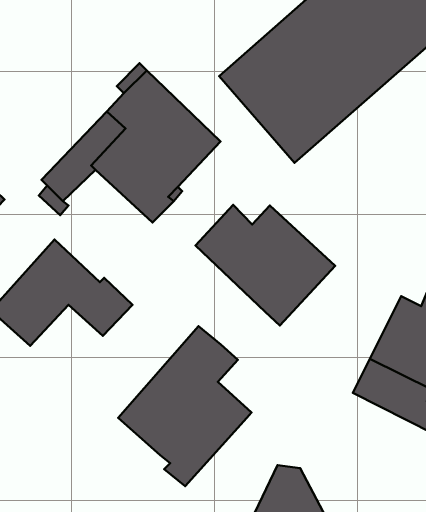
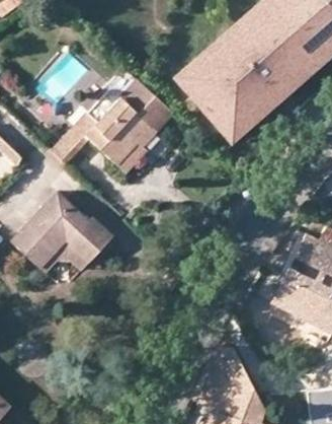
building: [195,205,335,326] -> none
building: none -> [42,238,93,277]
building: [118,326,252,486] -> none

